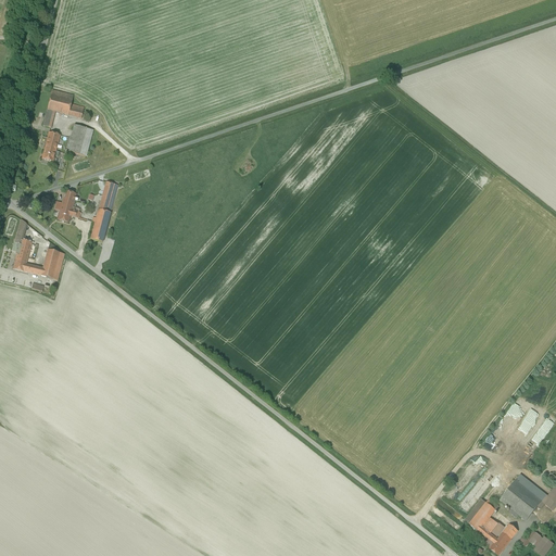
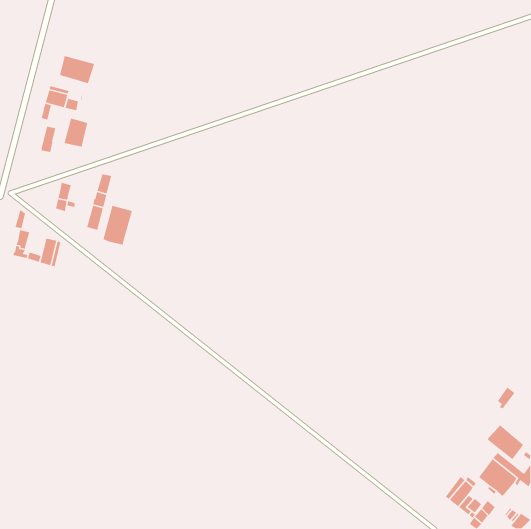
building: none -> [59,55,95,84]
building: none -> [102,205,133,245]
building: none -> [487,425,524,460]

